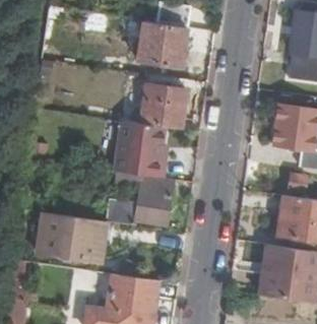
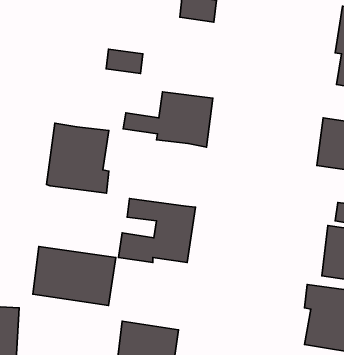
building: [138,24,187,67] -> none
building: [115,121,167,179] -> [46,123,109,193]

